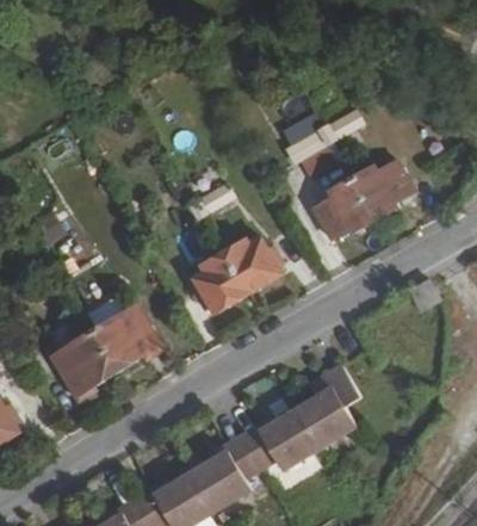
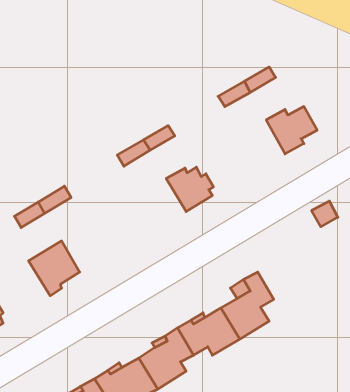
building: [312,177,373,236] -> none
building: [194,250,248,311] -> none
building: [91,305,159,369] -> none

